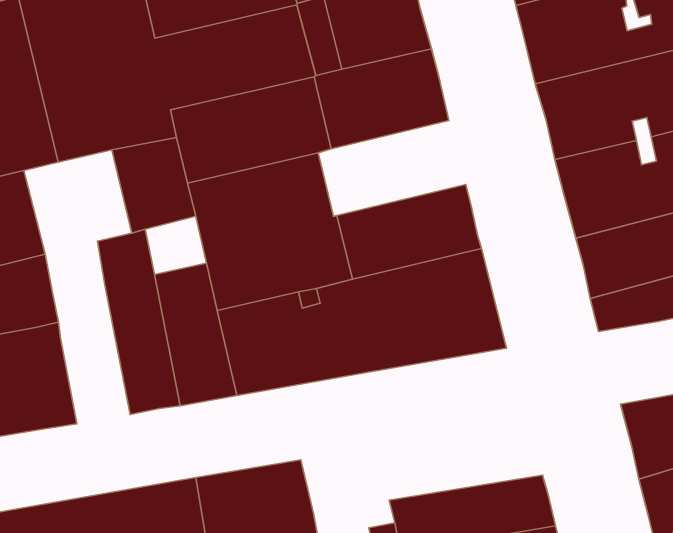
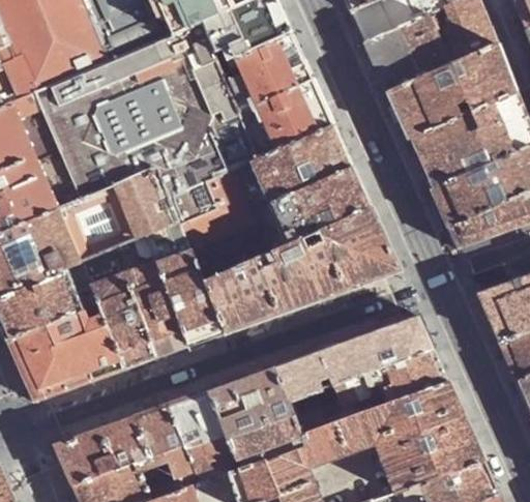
building: none -> [249,127,351,204]
building: none -> [57,185,136,262]
building: none -> [144,219,188,263]
building: none -> [90,274,155,371]
building: none -> [273,316,435,403]

